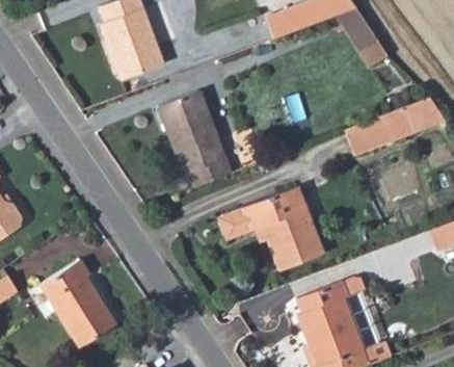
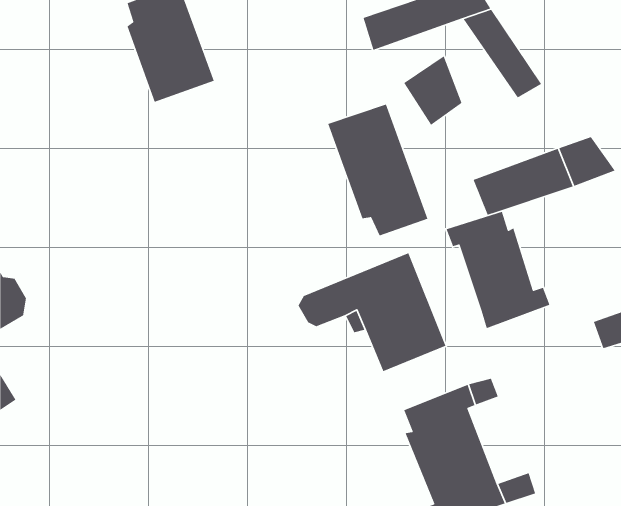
building: none -> [403,55,462,126]
building: [157,89,230,185] -> [327,103,428,237]
building: none -> [446,211,551,329]
building: [43,259,117,347] -> none

